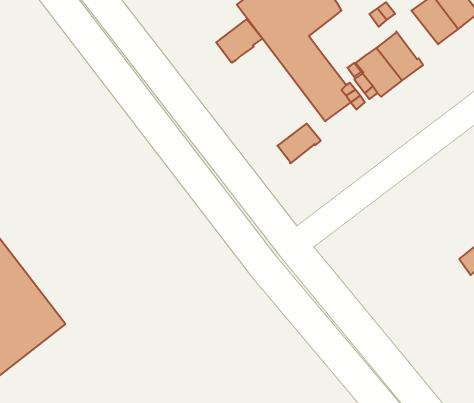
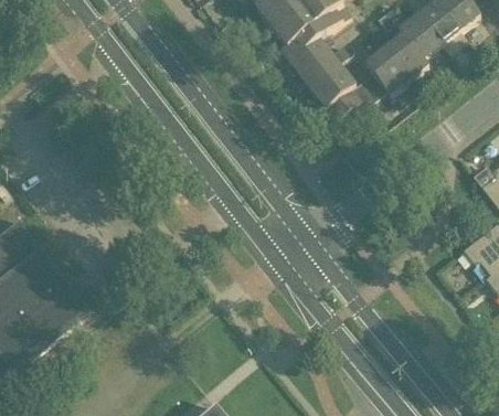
building: none -> [399,12,443,58]
building: [216,19,262,63] -> none
building: [277,124,321,163] -> none

